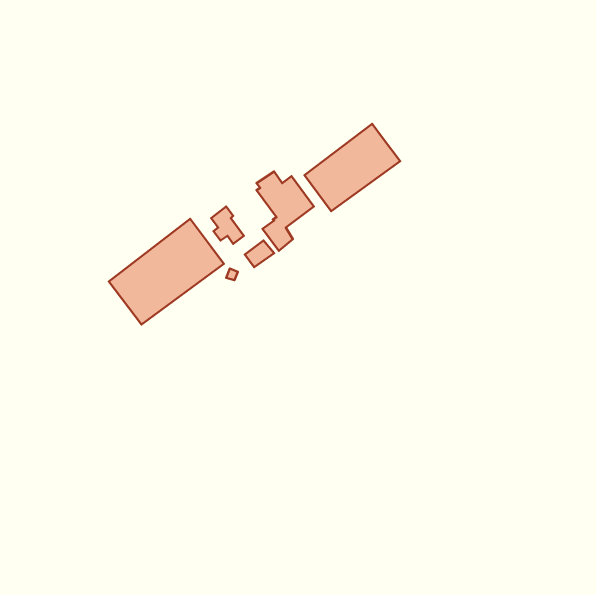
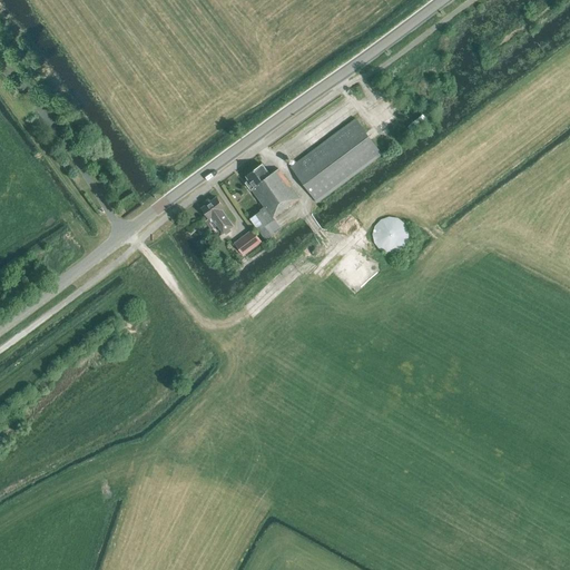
building: [109,219,224,325] -> none
building: none -> [372,216,409,252]

